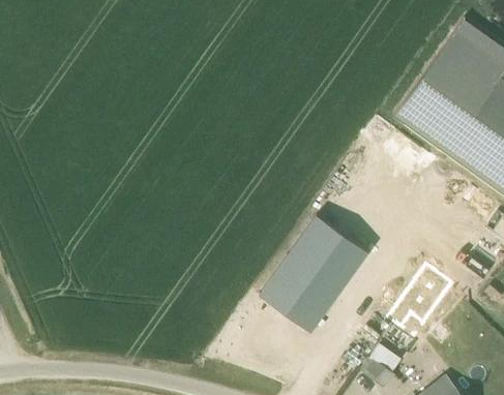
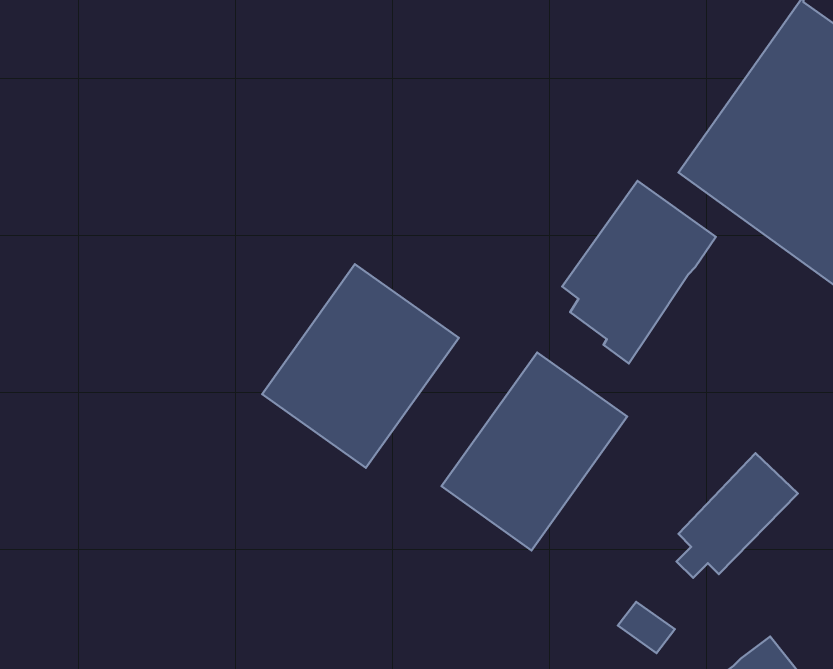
building: none -> [562,181,716,363]
building: none -> [262,264,459,468]

